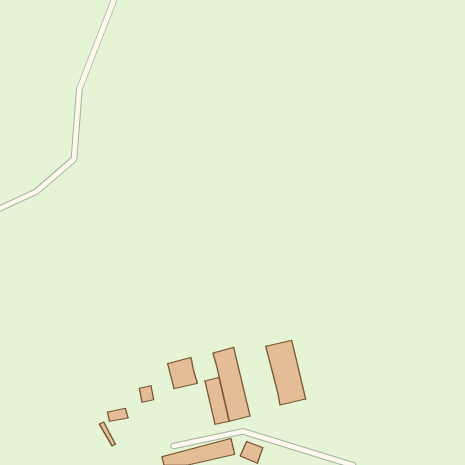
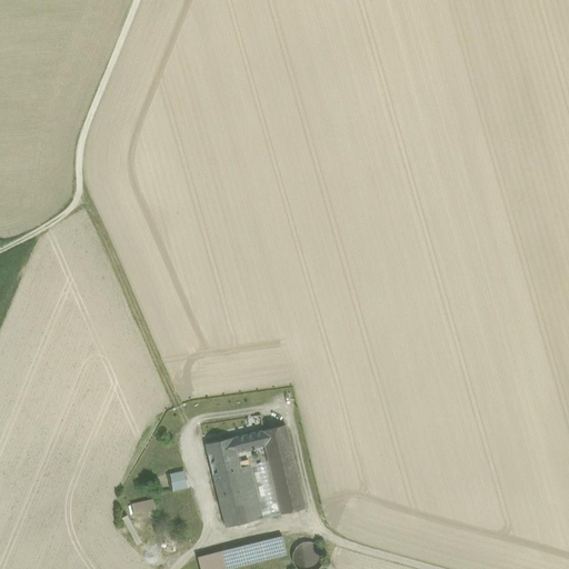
building: [266,340,306,405] -> none
building: none -> [233,431,264,453]
building: none -> [212,466,262,527]

